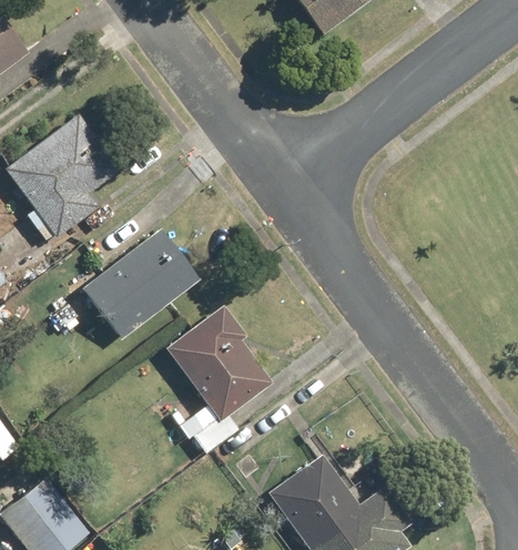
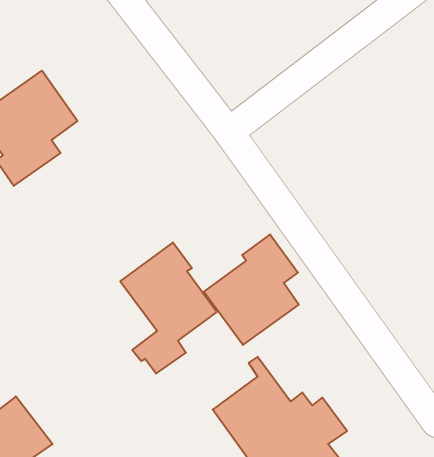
building: [83,227,199,337] -> none
building: none -> [204,234,299,345]

